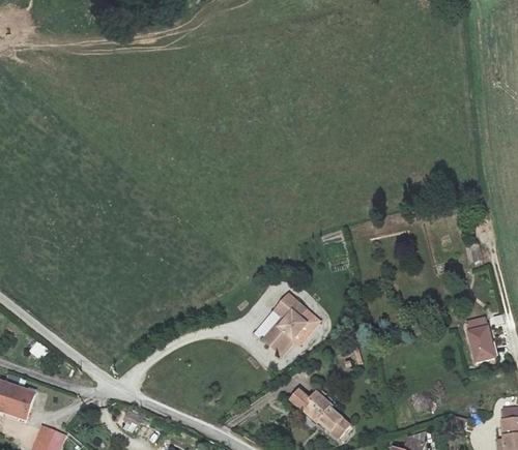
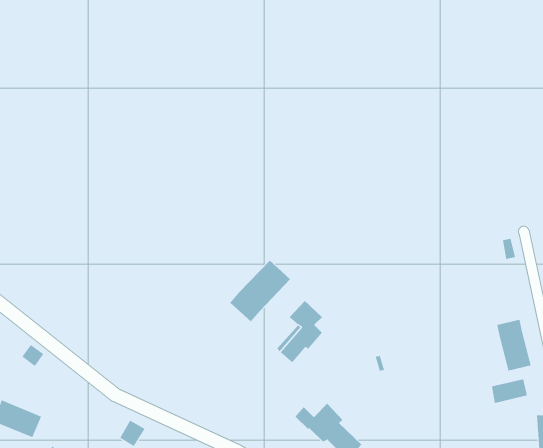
building: none -> [230,260,291,322]
building: none -> [491,379,528,404]

